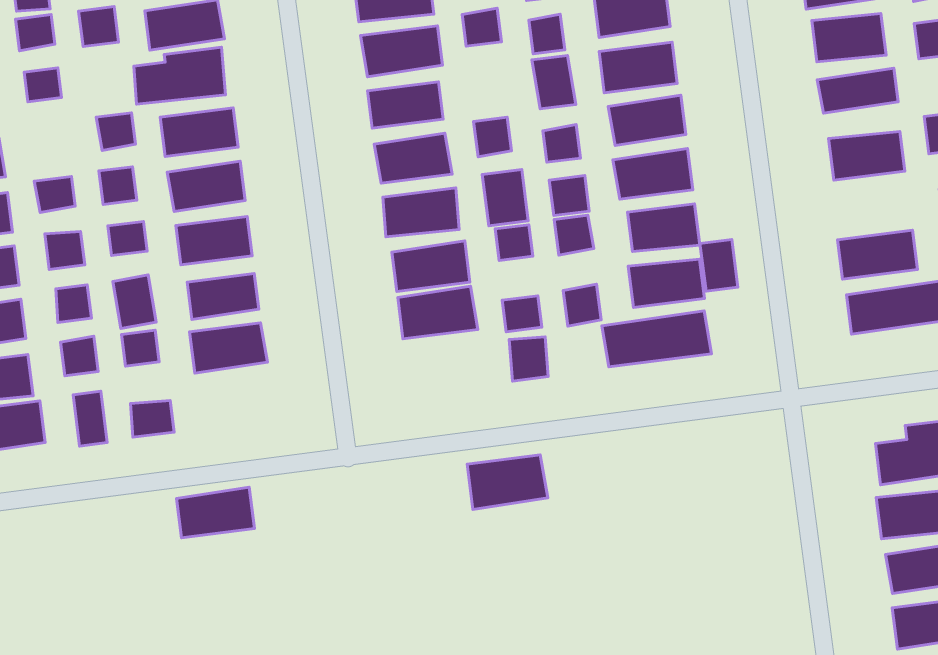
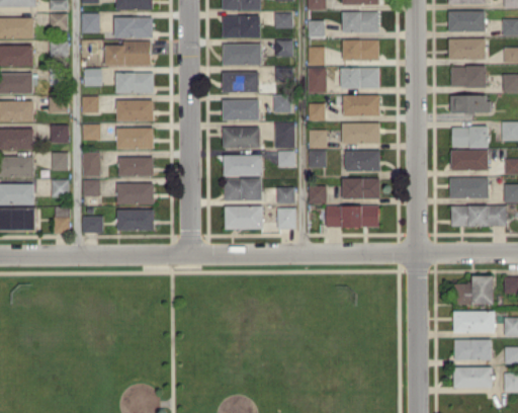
building: none -> [451,150,488,171]
building: [700,240,738,291] -> none
building: [467,455,548,509] -> [225,206,263,230]
building: [176,487,254,538] -> [116,210,154,231]

